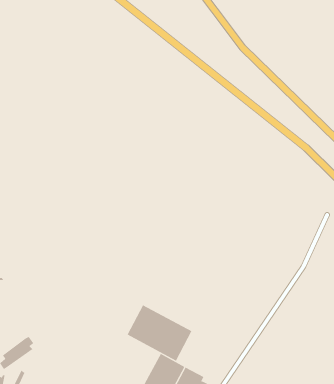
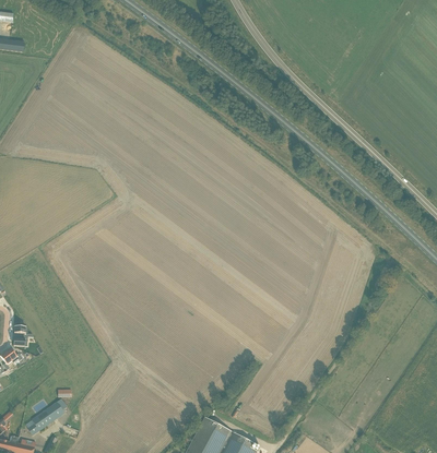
building: [127,304,192,362] -> none

